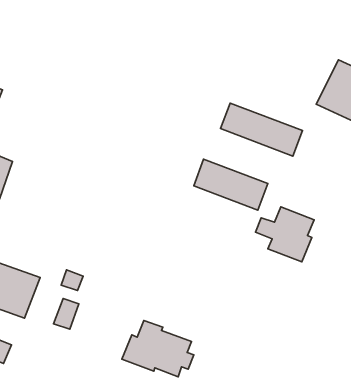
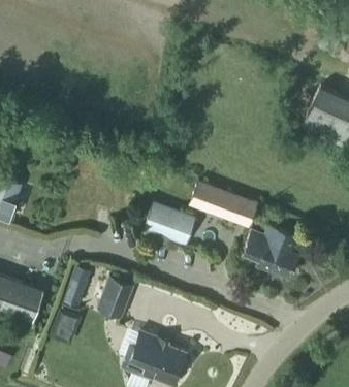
building: [220,103,303,156] -> none
building: none -> [142,202,197,247]
building: none -> [97,276,134,319]

